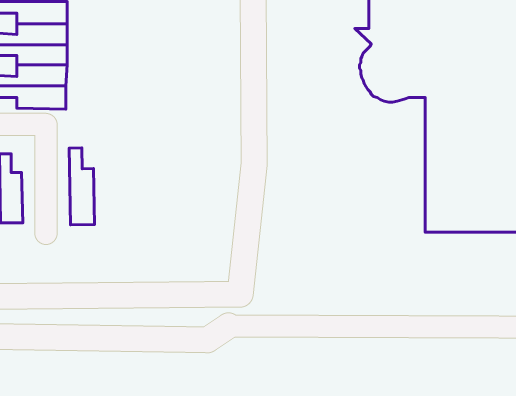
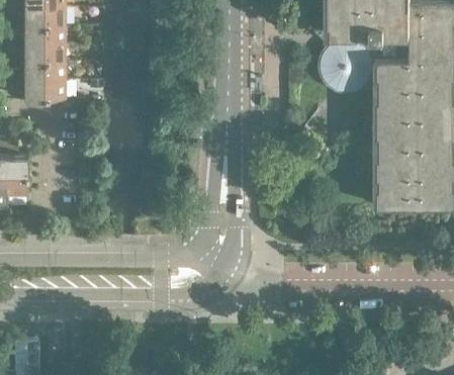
building: [69,148,94,225] -> none

